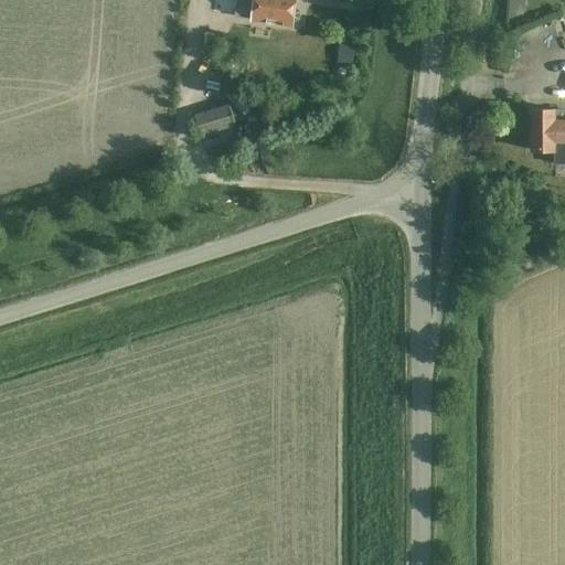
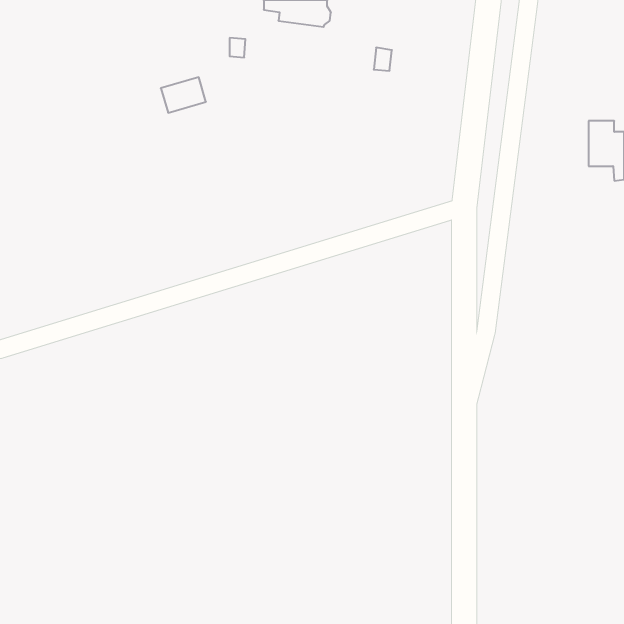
building: [193,102,234,134] -> [161,77,206,113]

